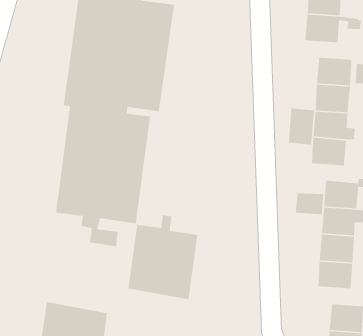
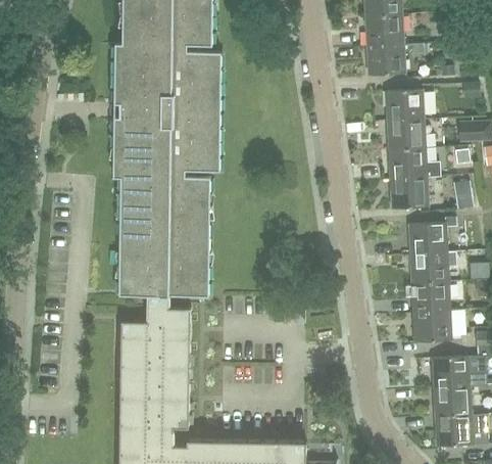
building: [288,107,315,146] -> none
building: [295,192,324,215] -> none
building: [128,214,198,300] -> [121,307,191,397]

